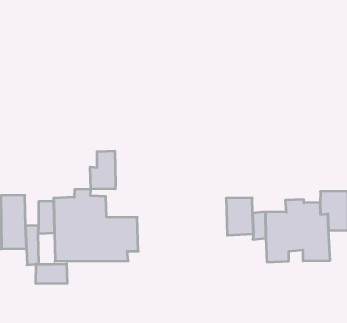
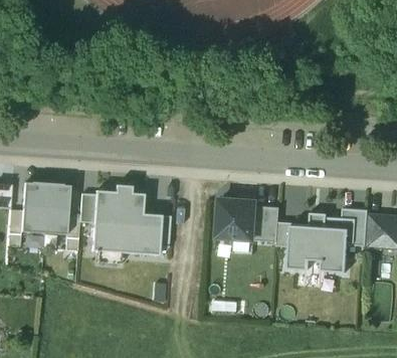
building: [90,151,116,189] -> none
building: none -> [217,198,256,239]
building: [36,264,67,284] -> none

